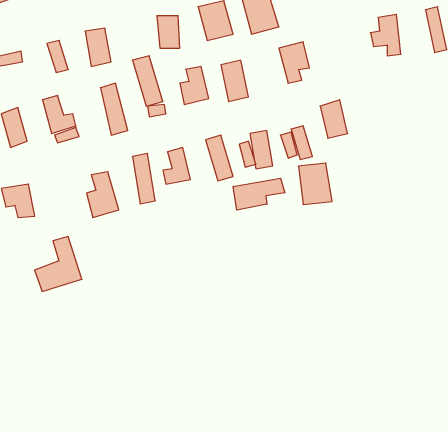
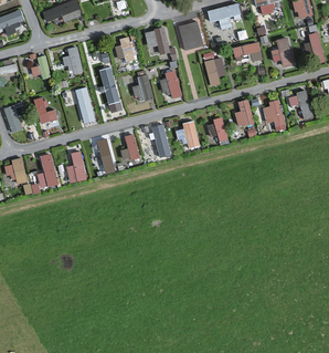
building: none -> [233,42,263,64]
building: none -> [288,90,314,122]
building: [298,163,332,204] -> [262,102,286,132]
building: [233,178,285,210] -> none
building: [35,236,82,291] -> [25,153,60,193]

